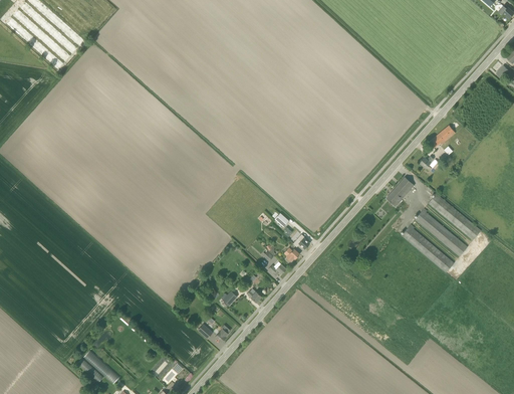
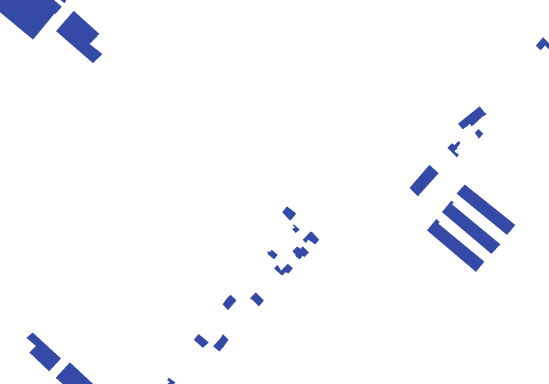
building: none -> [55,10,104,64]
building: none -> [25,331,62,372]

